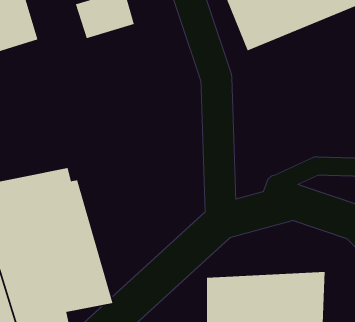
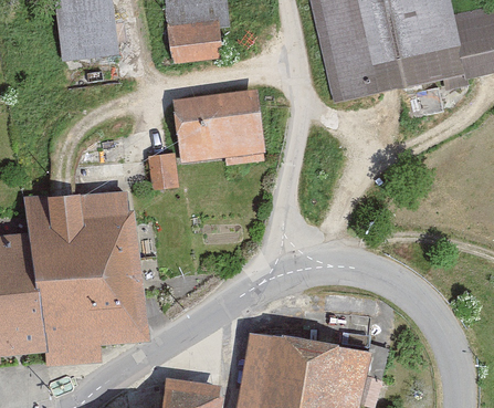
building: none -> [170,90,264,161]
building: none -> [144,154,176,190]

